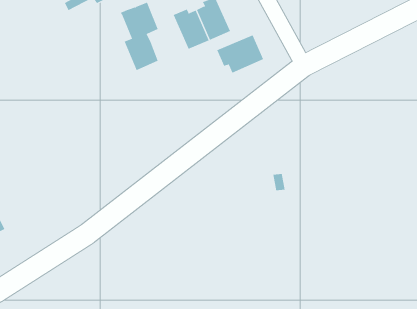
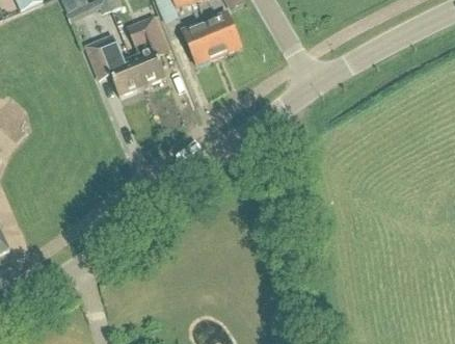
building: none -> [82,33,142,96]
building: [217,34,264,73] -> none

